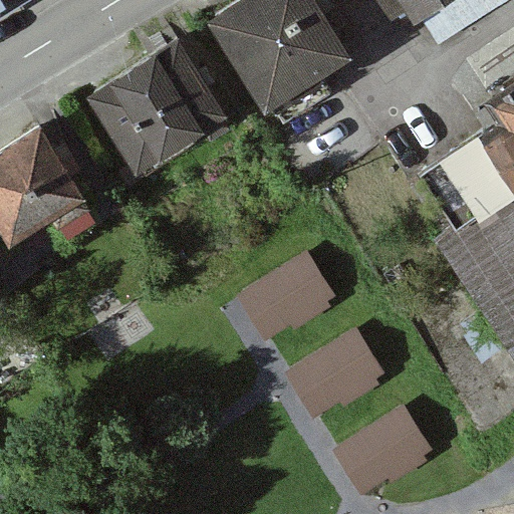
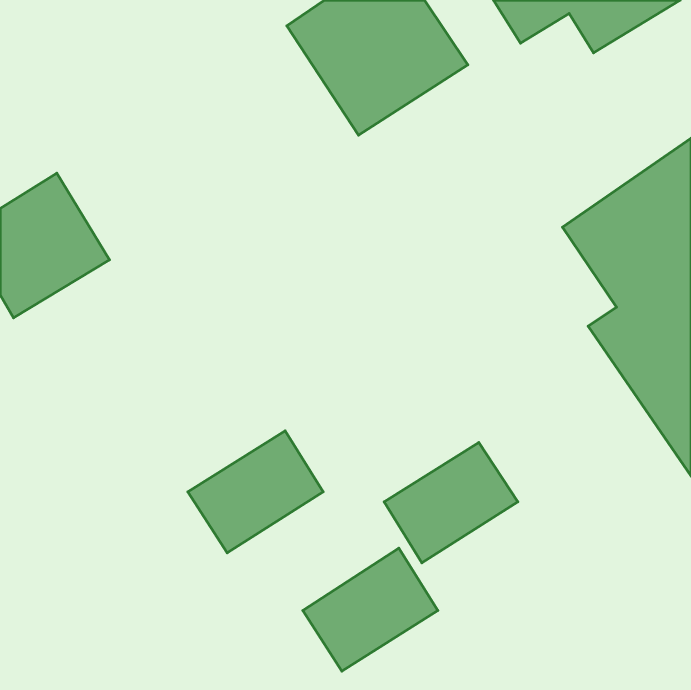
building: [94,40,226,168] -> none
building: [236,252,336,342] -> [188,431,323,553]
building: [332,406,433,497] -> [303,548,438,671]

